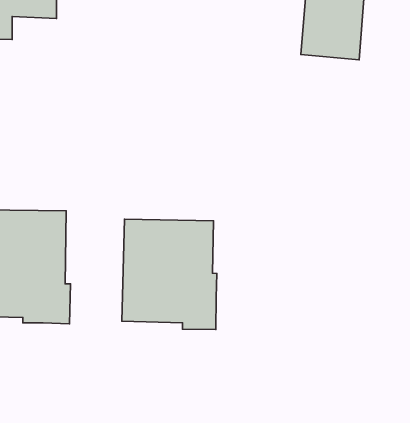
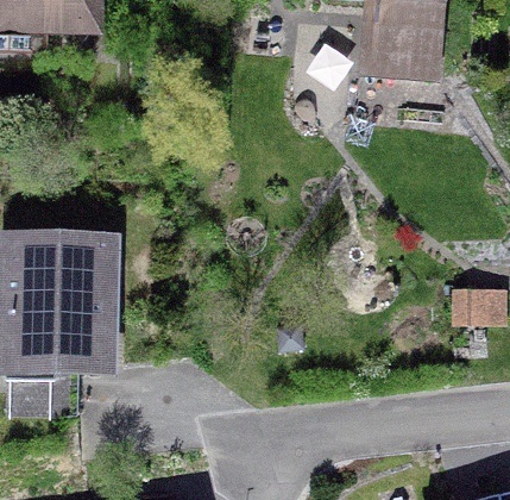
building: [122,219,217,329] -> none

